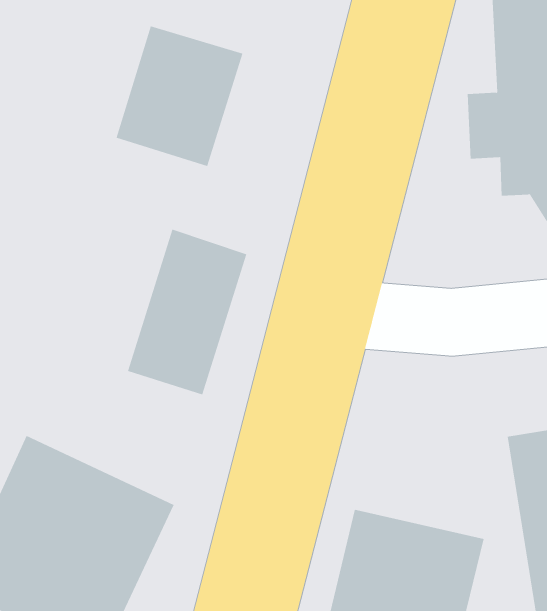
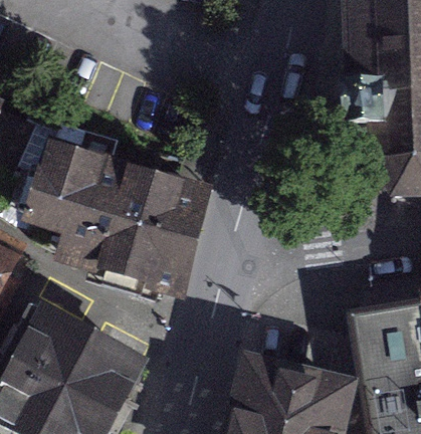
building: [116,25,243,167] -> none
building: none -> [26,143,136,266]

